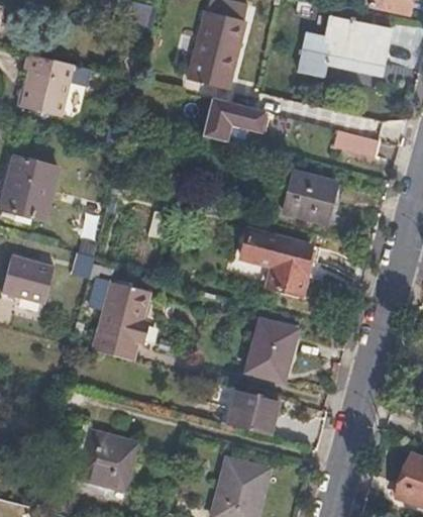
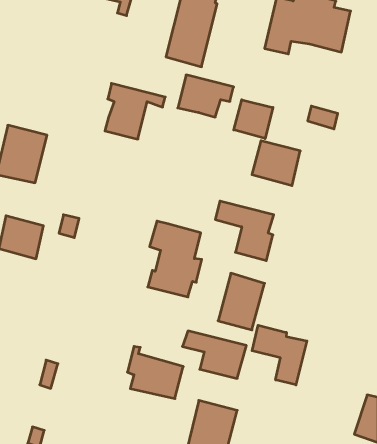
building: [25,55,92,116] -> [105,83,165,139]
building: none -> [234,100,273,139]
building: [89,276,148,359] -> [148,221,202,297]
building: none -> [252,325,307,385]
building: [77,421,138,479] -> [127,346,183,399]

